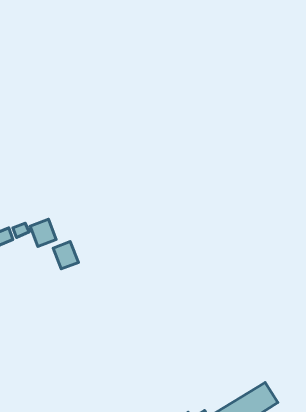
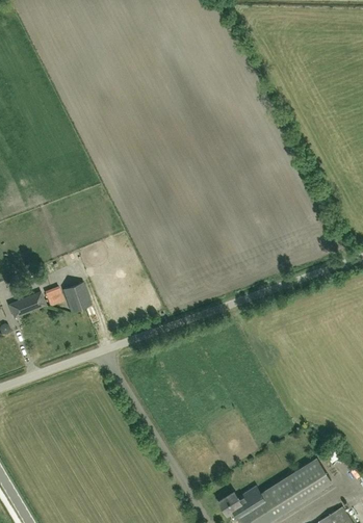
building: [53,241,78,269] -> none

